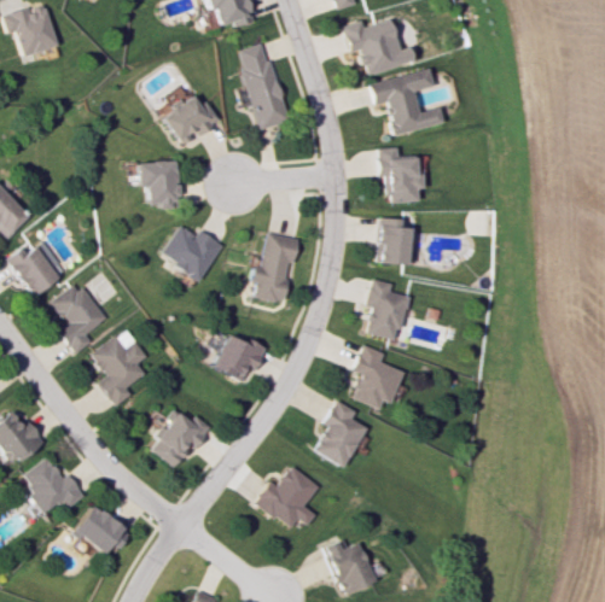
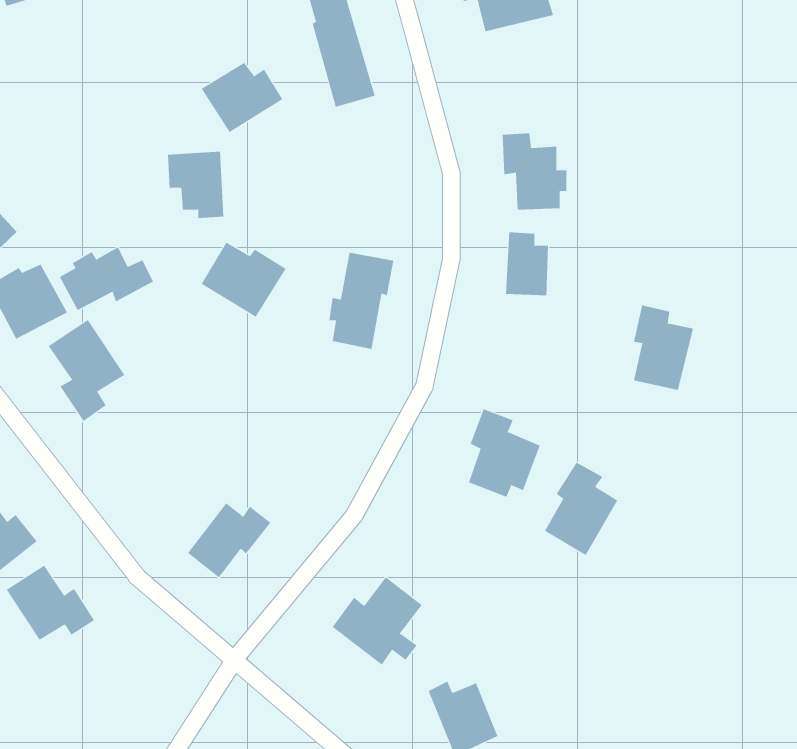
building: [370,70,444,135] -> none
building: none -> [59,246,154,311]
building: [367,279,411,340] -> [633,305,694,391]
building: [93,328,150,407] -> none
building: [214,335,268,382] -> none
building: [315,401,368,468] -> [544,462,618,556]
building: [75,505,132,555] -> none

